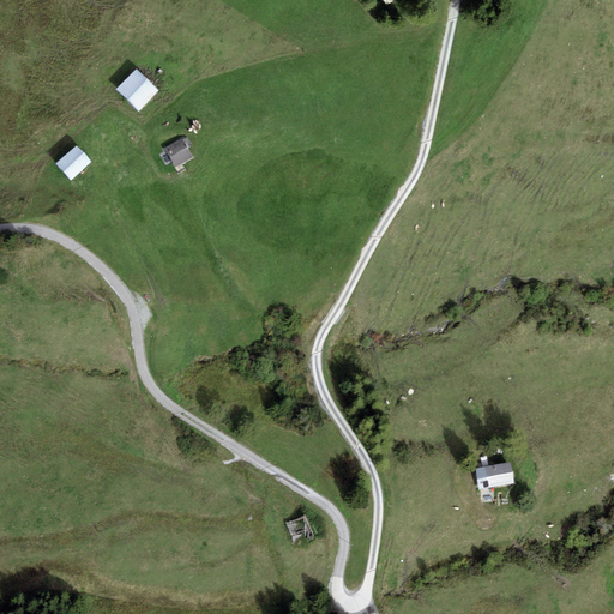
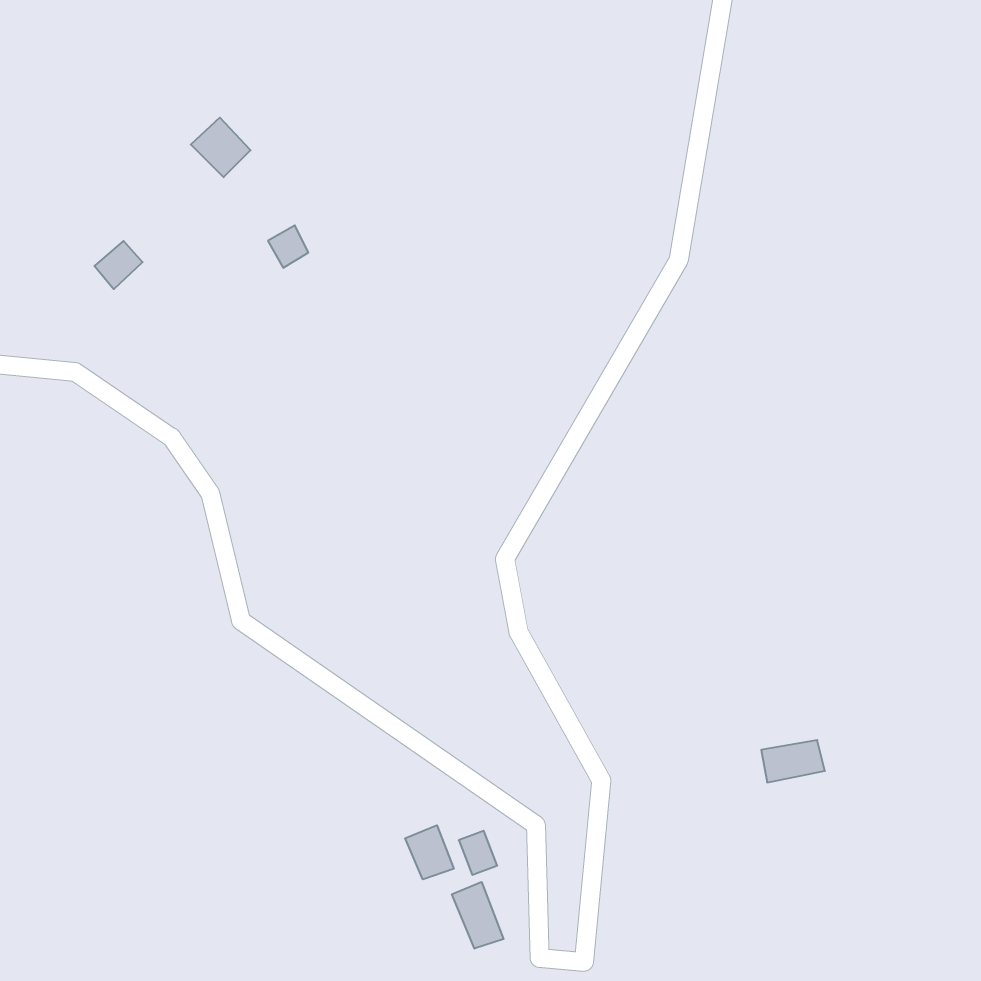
building: none -> [405,825,454,879]
building: none -> [452,882,504,949]

